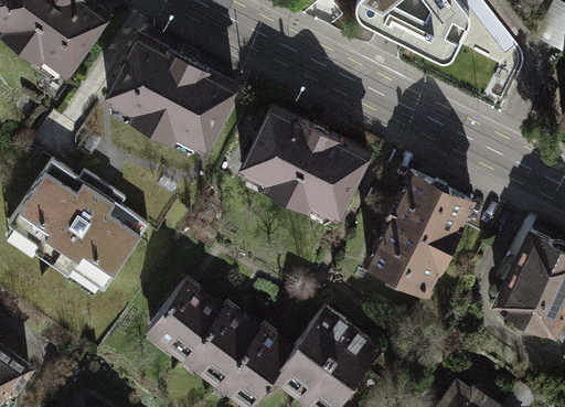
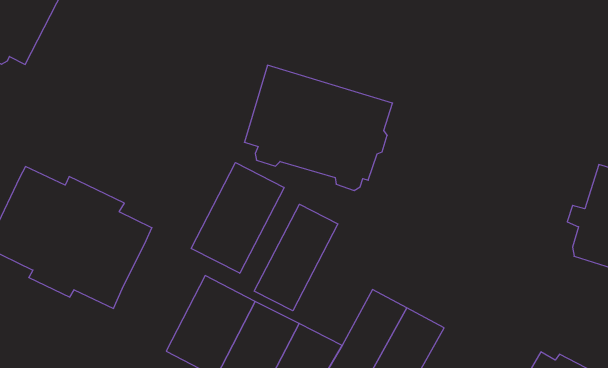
building: [103,32,236,151] -> none
building: [369,171,475,290] -> none
building: none -> [191,163,284,273]
building: none -> [254,204,338,311]

